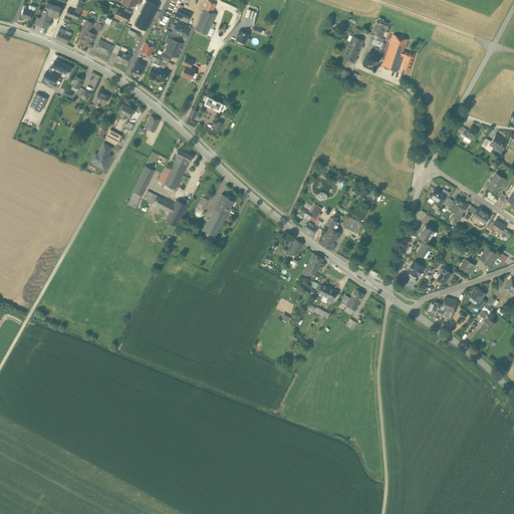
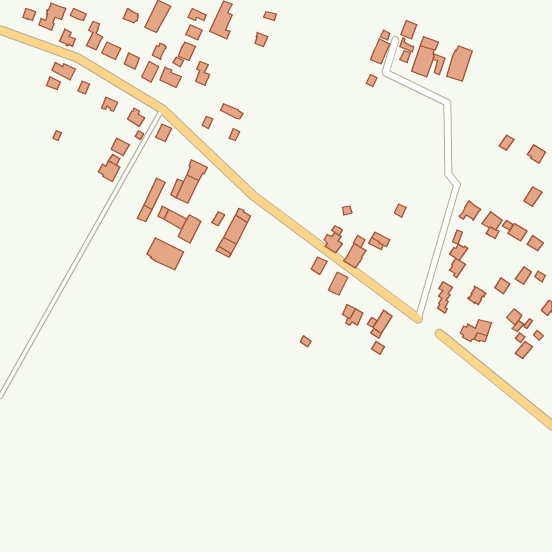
building: none -> [447,46,472,81]
building: none -> [147,238,183,270]

